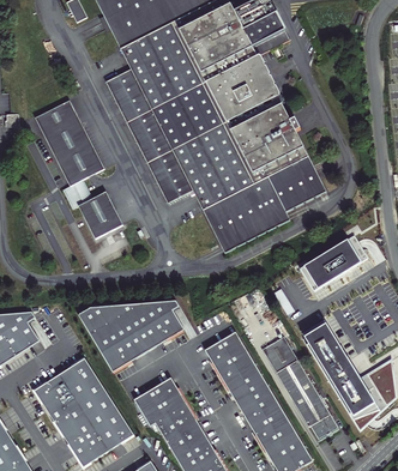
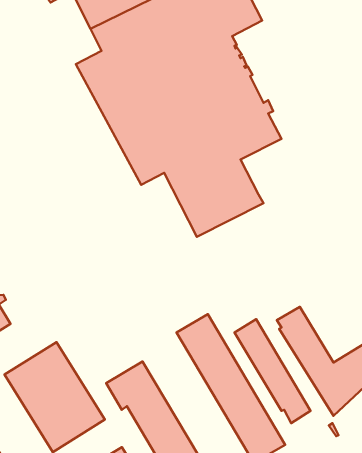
building: [35,101,123,238] -> none
building: [267,157,326,212] -> none
building: [298,235,367,291] -> none
building: [78,297,183,372] -> none

